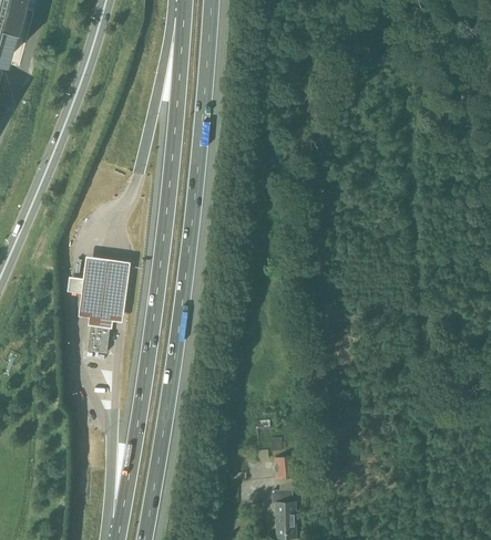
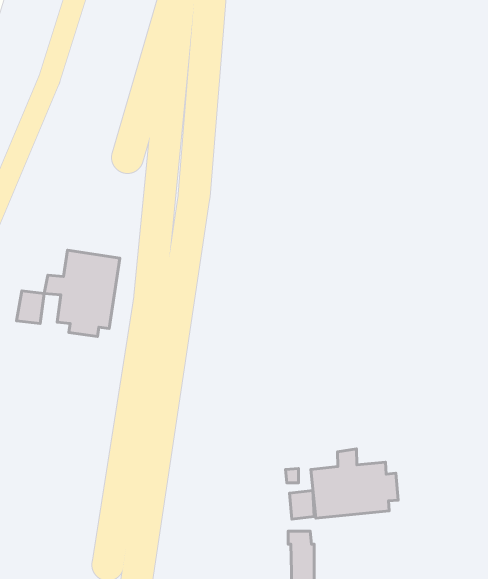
building: [88,329,111,356] -> [17,291,44,323]
building: none -> [311,449,398,518]

